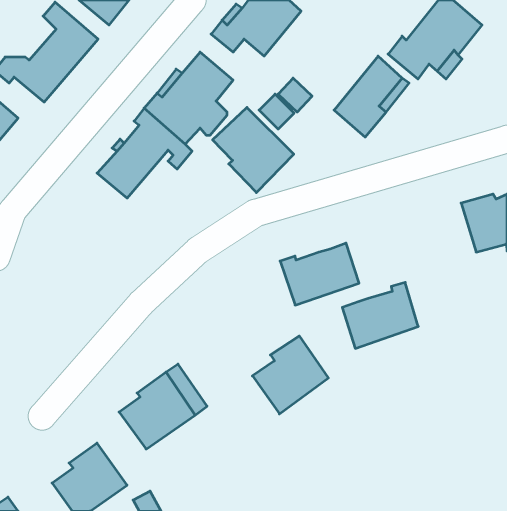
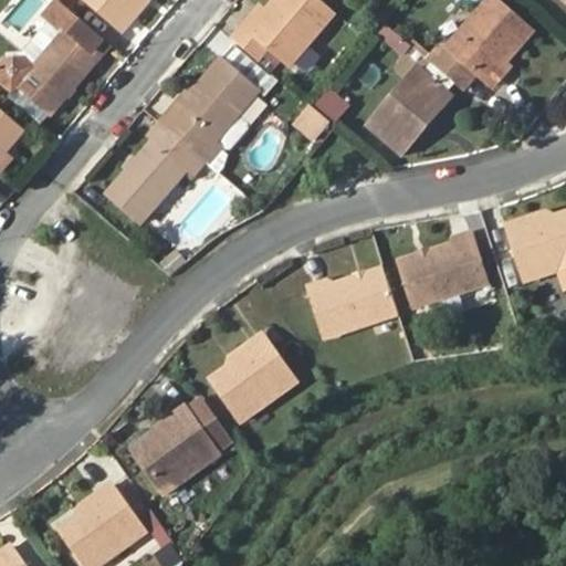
building: [213,107,294,193] -> none
building: [342,282,418,348] -> [401,235,485,308]
building: [252,336,328,414] -> [210,338,294,424]

